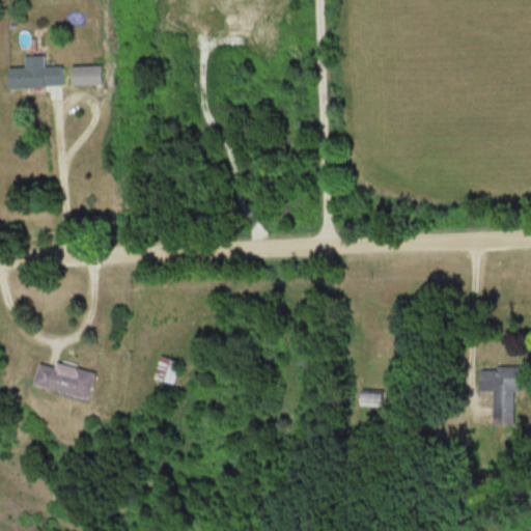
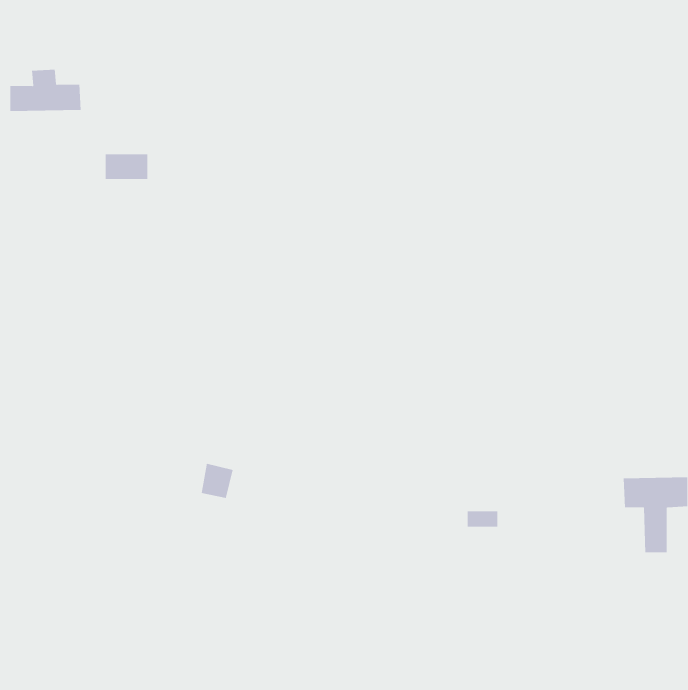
building: [71,66,104,86] -> [105,154,148,180]
building: [35,361,97,398] -> none

